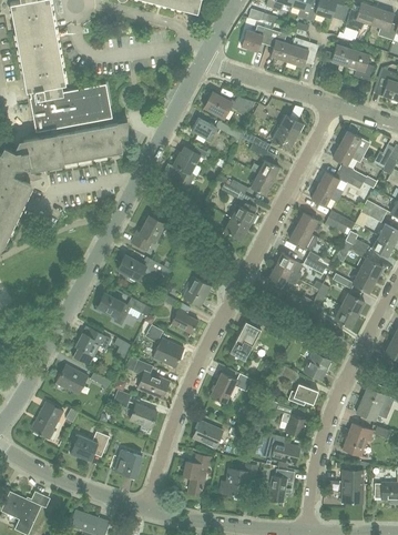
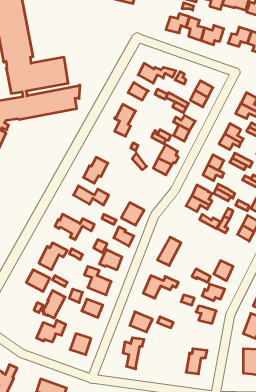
building: [32,402,62,438] -> [43,290,65,318]
building: [262,432,299,464] -> none
building: [225,464,256,496] -> none

